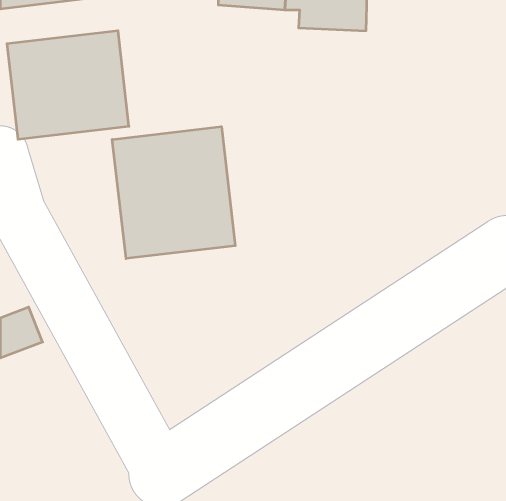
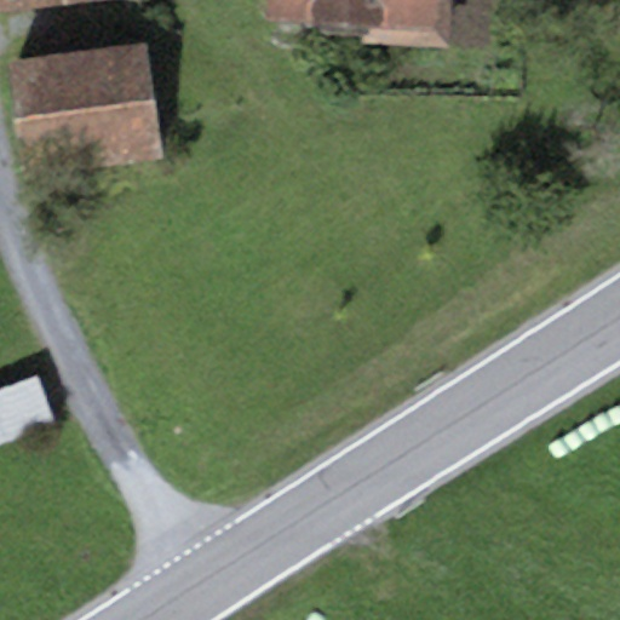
building: [112,127,235,259] -> none

